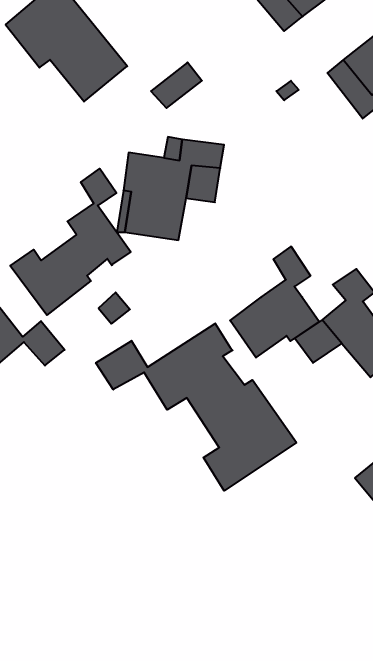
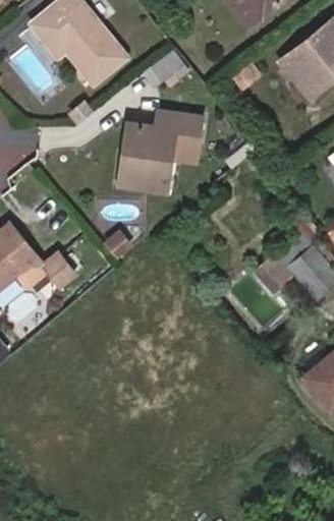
building: [10,169,131,315] -> none
building: [230,246,319,358] -> none
building: [96,323,296,491] -> none

